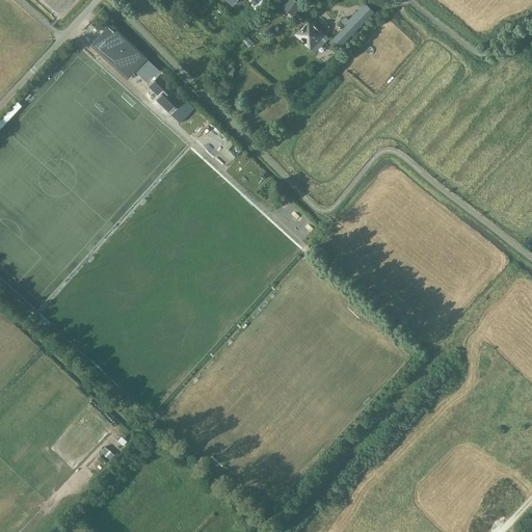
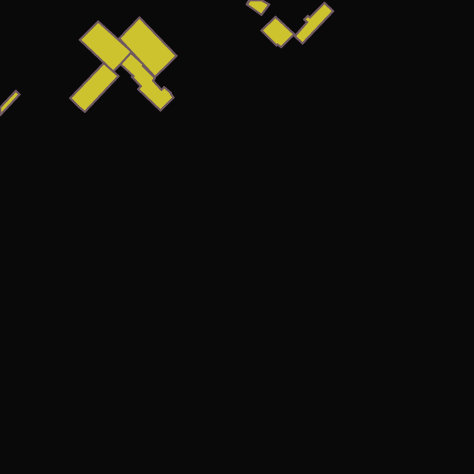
building: none -> [119,18,177,77]
building: none -> [70,63,119,112]

